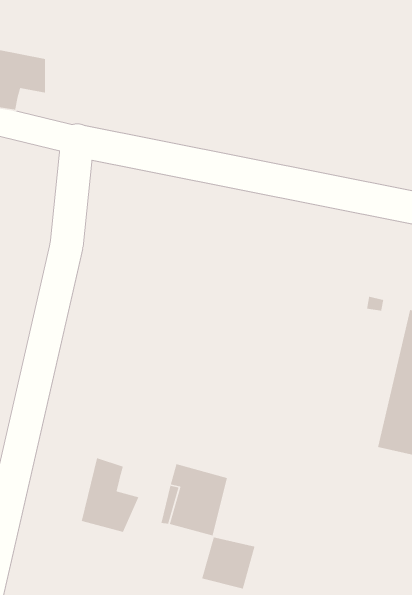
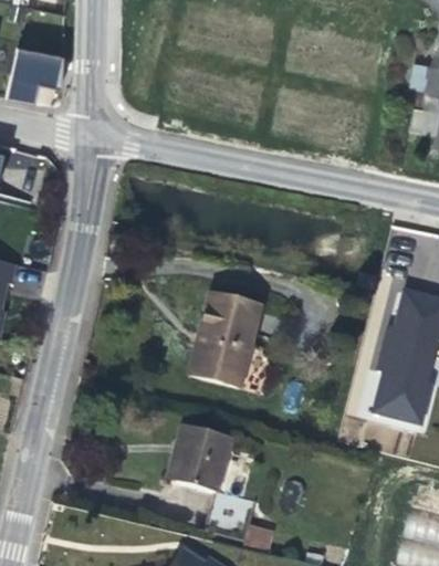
building: none -> [188,296,259,390]
building: [81,457,139,533] -> none

